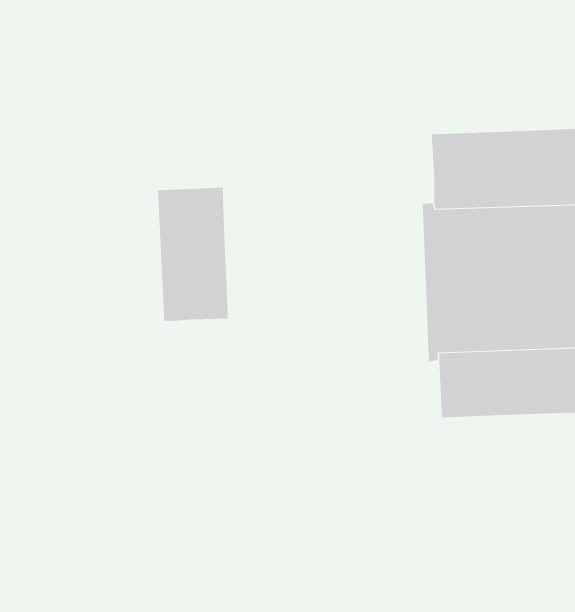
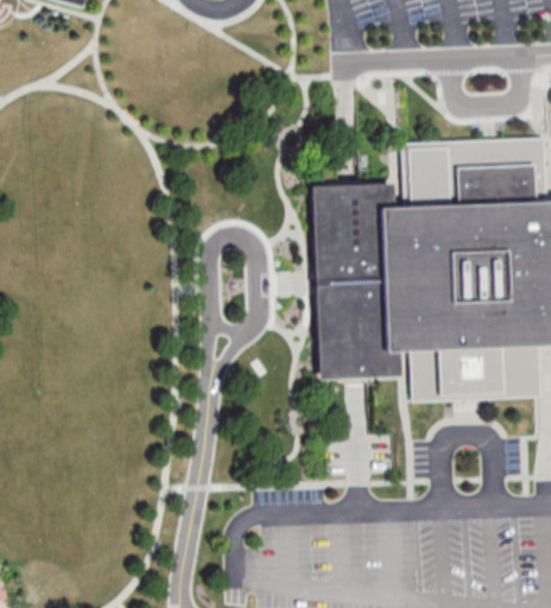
building: none -> [311,182,400,379]
building: [158,187,228,322] -> none

